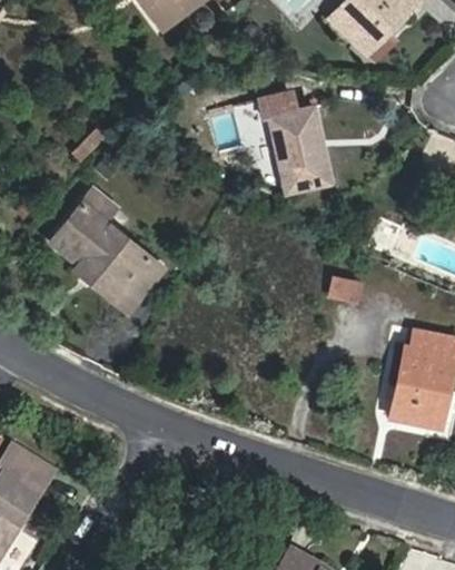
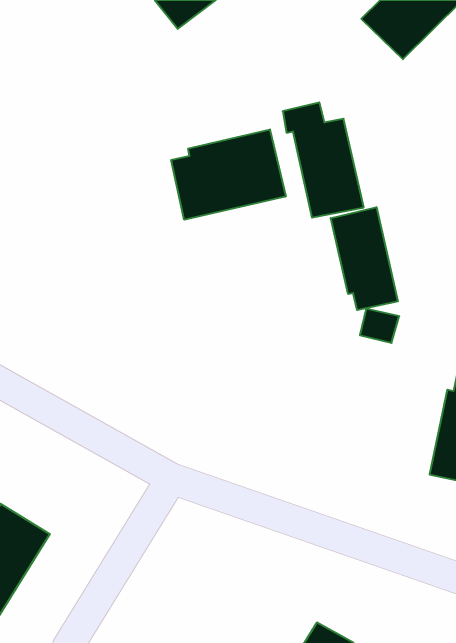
building: none -> [171,129,286,220]
building: none -> [331,207,398,310]
building: [51,202,150,305] -> none

